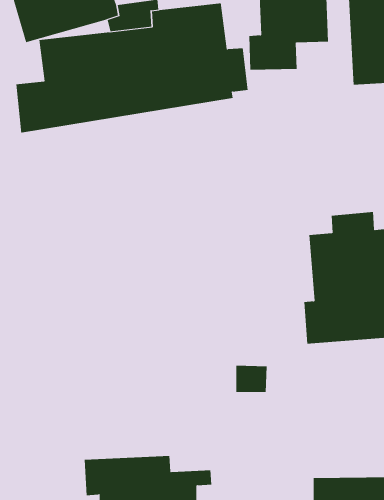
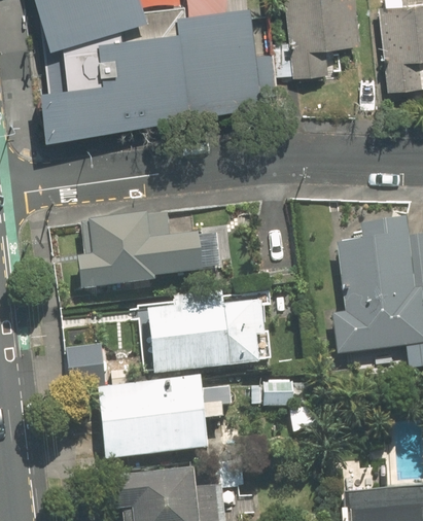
building: none -> [78,212,203,288]
building: none -> [150,302,265,370]
building: none -> [99,380,232,458]

